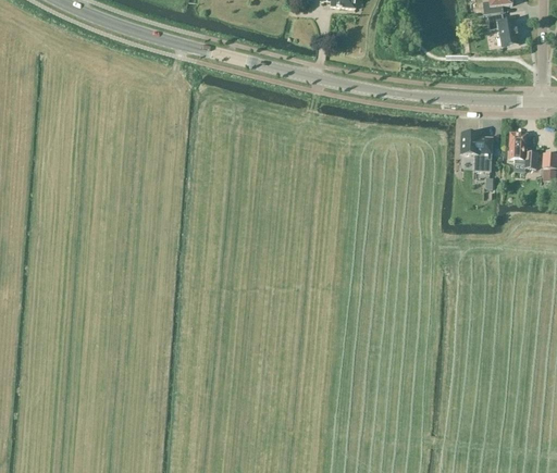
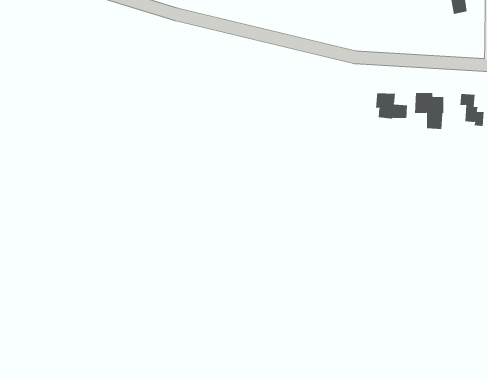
building: none -> [375,92,407,119]

